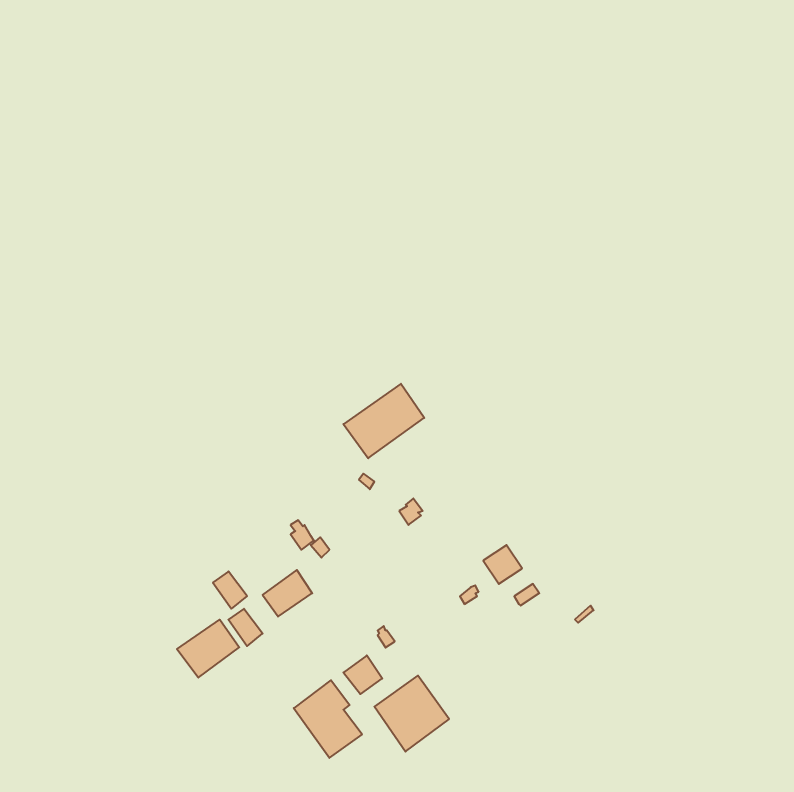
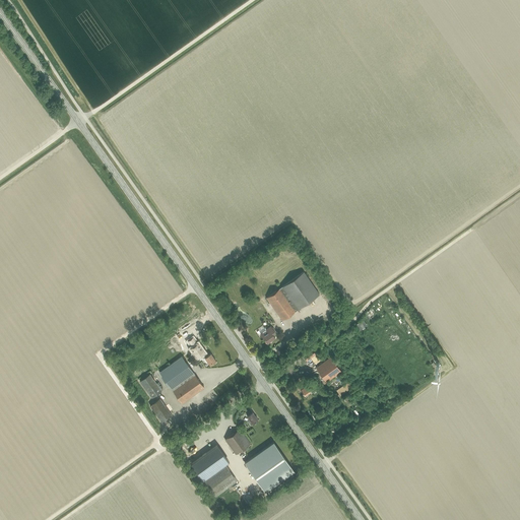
building: [343,384,424,458] -> [266,272,319,321]
building: none -> [159,356,194,390]
building: [177,620,239,678] -> none

